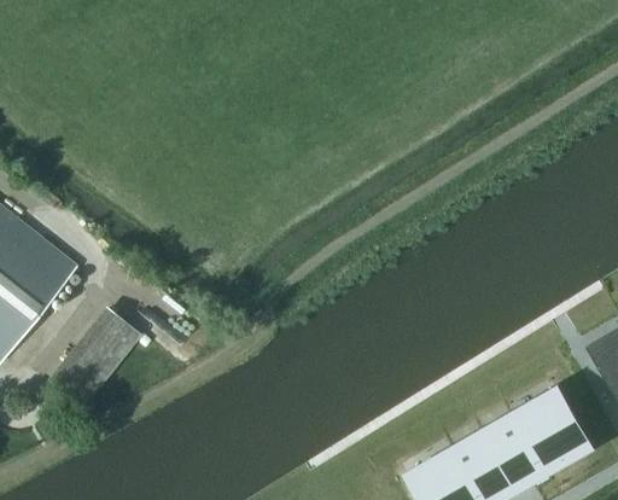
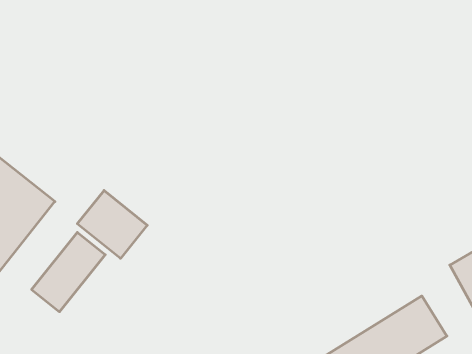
building: none -> [77,190,147,258]

